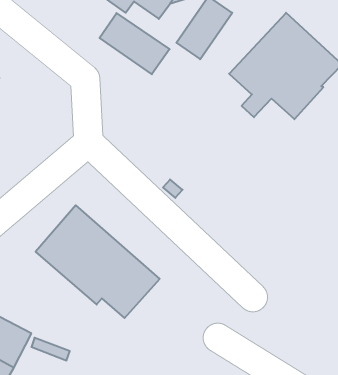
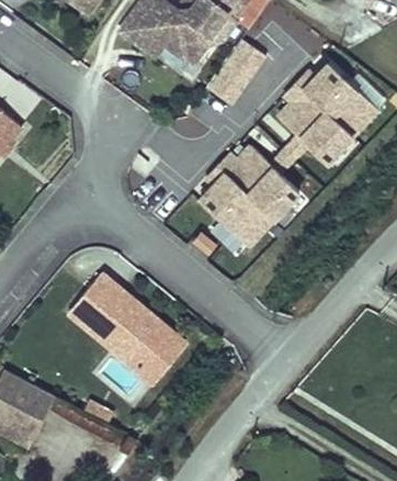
building: [100,13,170,74] -> none
building: none -> [194,143,306,256]

